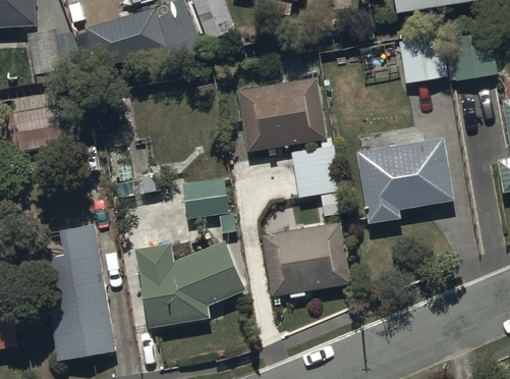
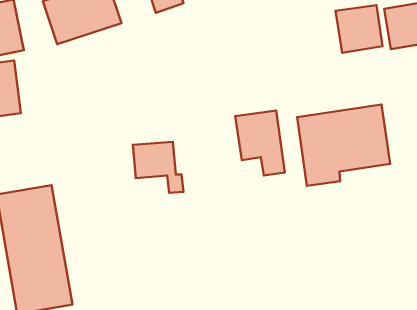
building: [236,75,328,152] -> none
building: [260,219,352,297] -> none
building: [135,238,245,328] -> none

